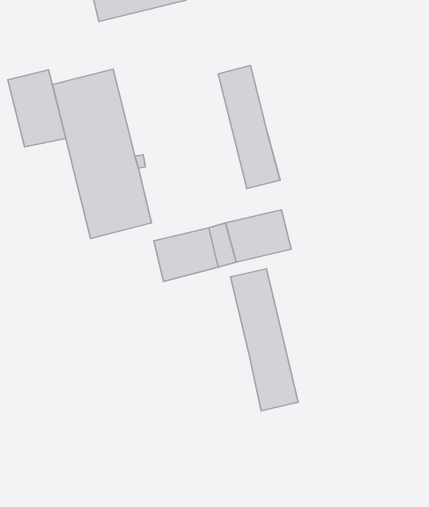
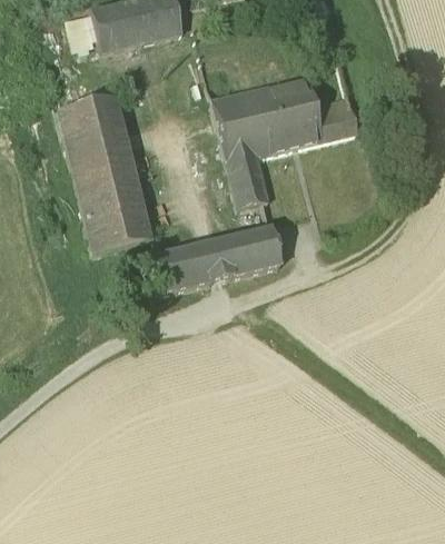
building: none -> [243,75,359,154]
building: [8,70,66,147] -> none
building: [231,269,298,411] -> none

